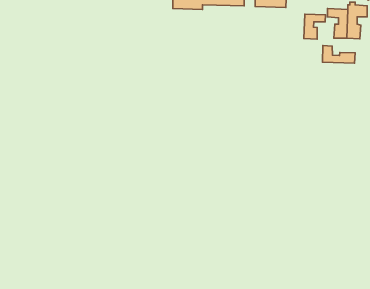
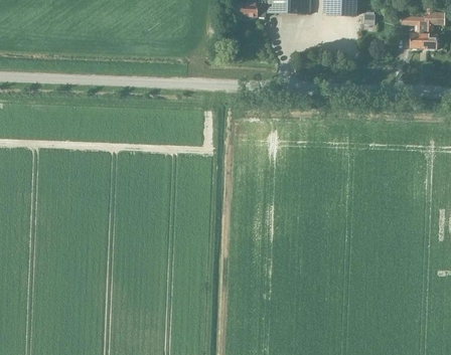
building: [304,14,326,39] -> none
building: [323,46,355,63] -> none

